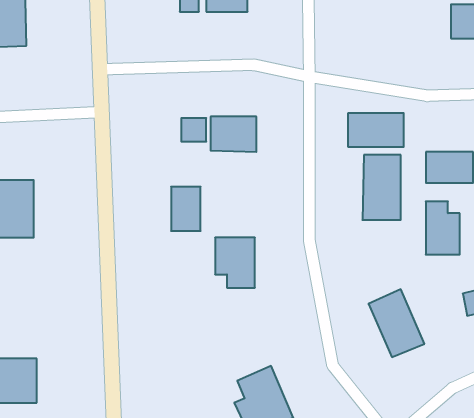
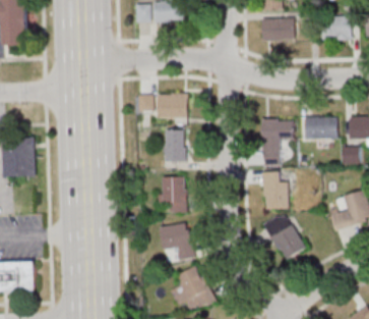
building: none -> [260,19,294,42]
building: [348,113,404,147] -> none
building: [171,187,201,231] -> [165,130,185,161]
building: [426,201,460,255] -> [264,172,288,209]
building: none -> [159,222,194,260]

